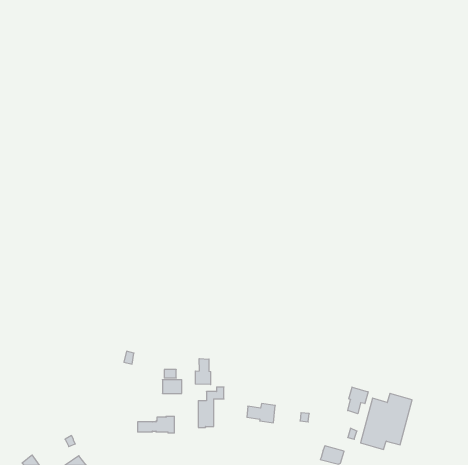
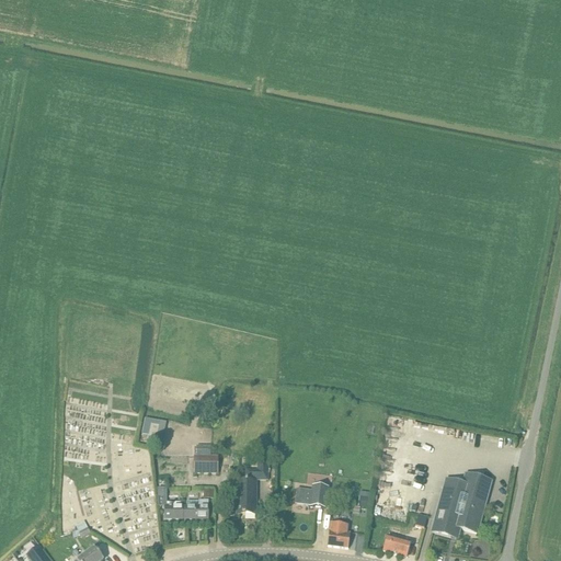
building: [195,359,211,385] -> none
building: [348,387,368,414] -> none
building: none -> [329,520,351,546]

